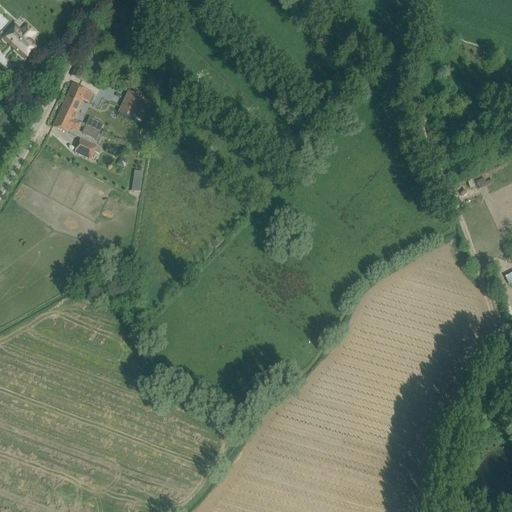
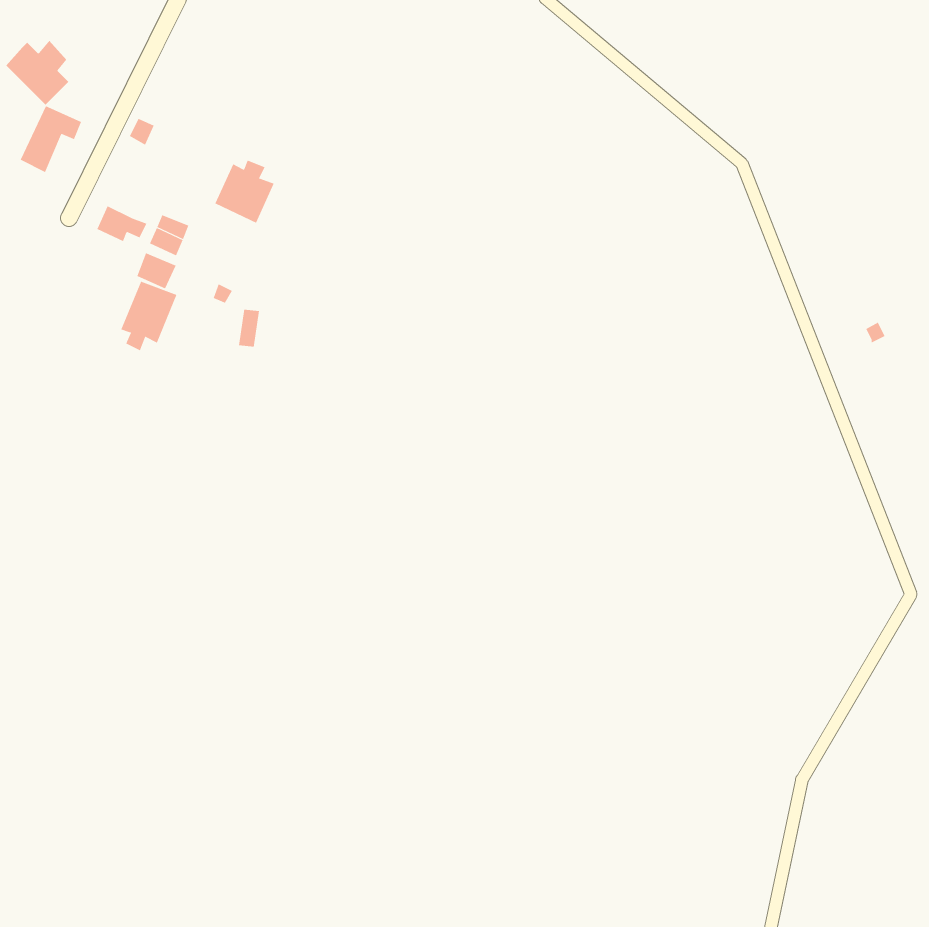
building: [59,83,93,120] -> [20,105,82,173]
building: none -> [121,281,177,351]

